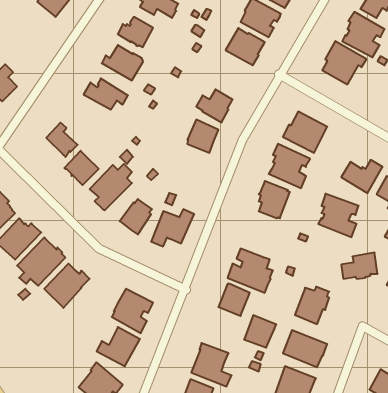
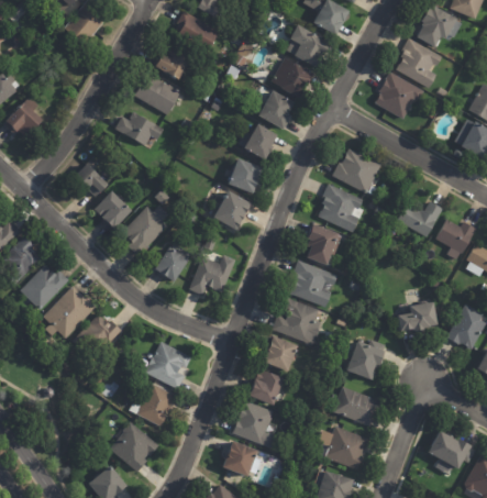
building: none -> [259,90,295,129]
building: none -> [213,190,251,230]
building: [318,194,359,237] -> [290,261,334,308]
building: [244,315,276,348] -> [250,369,285,405]

